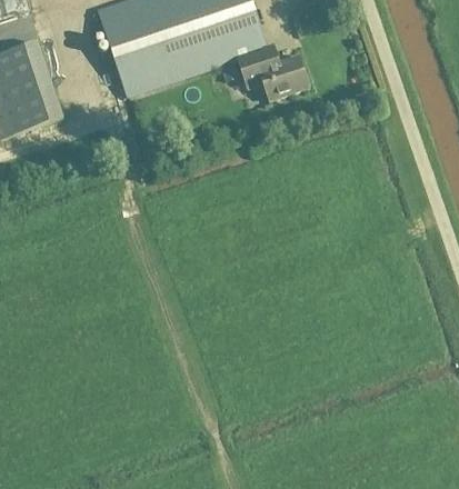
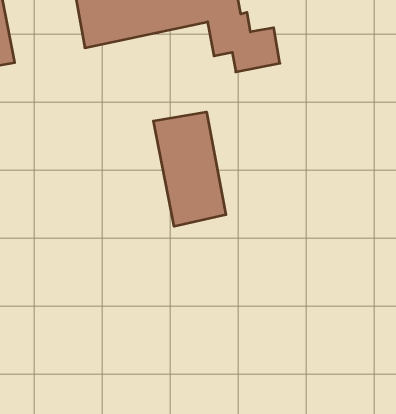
building: none -> [153,112,226,226]

